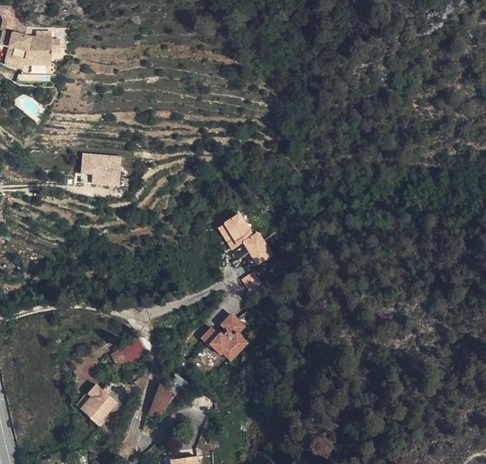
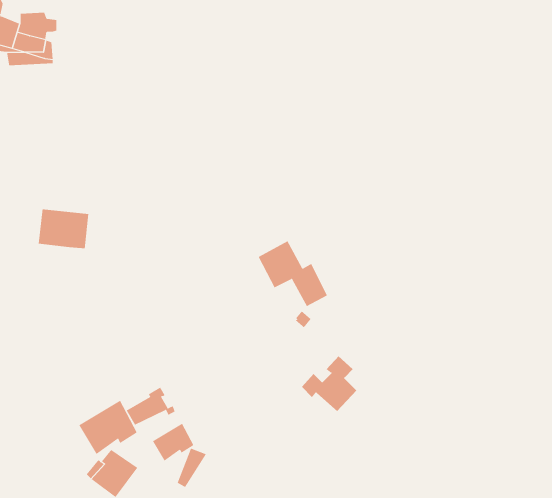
building: [76,155,117,187] -> [38,209,89,249]
building: [202,310,247,355] -> [301,356,357,412]
building: none -> [79,400,138,455]
building: none -> [152,423,194,462]

